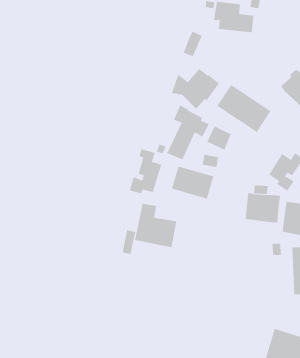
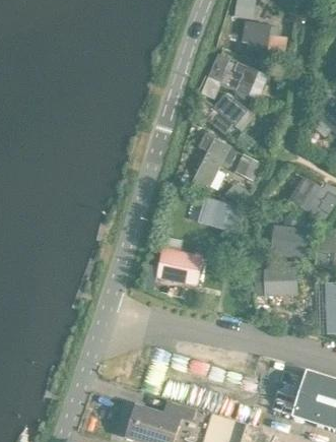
building: none -> [226,62,258,96]
building: [217,84,271,133] -> none
building: [129,148,162,194] -> none
building: none -> [266,261,295,293]

